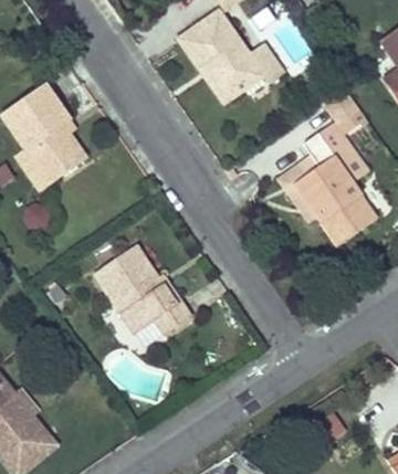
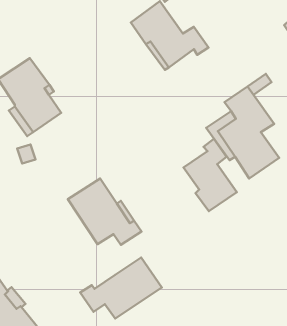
building: none -> [184,139,237,211]
building: none -> [80,258,162,319]

